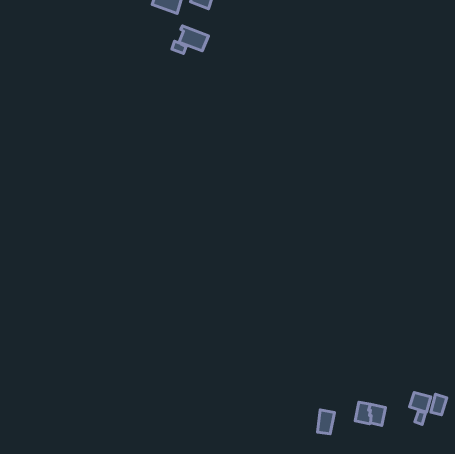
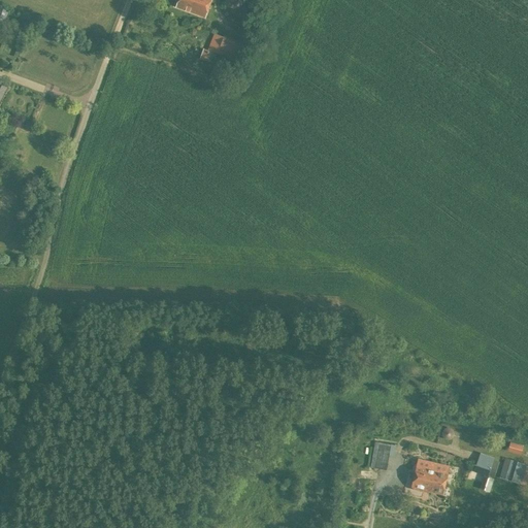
building: [318,410,335,434] -> [371,439,391,467]

